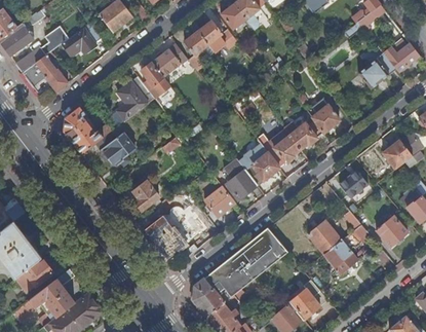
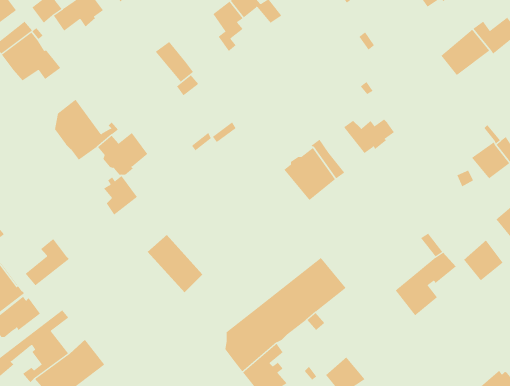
building: [151,44,187,78] -> none
building: [116,76,154,121] -> none
building: [311,100,339,134] -> none
building: [273,130,300,163] -> none
building: [224,159,258,199] -> none
building: [338,171,366,198] -> none
building: [132,181,159,212] -> [103,175,138,215]
building: [204,187,234,217] -> none
building: none -> [25,238,70,286]
building: [307,220,341,254] -> none
building: [289,281,326,320] -> none

